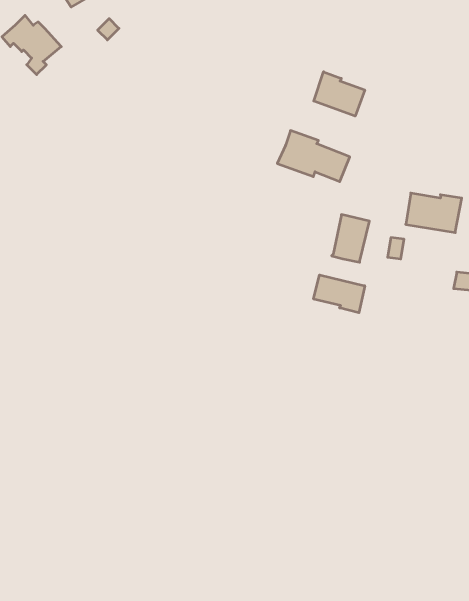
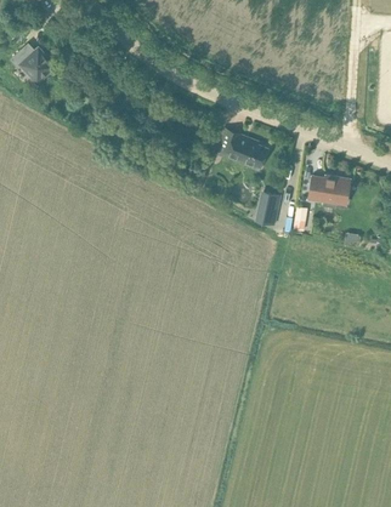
building: [314,72,365,116] -> none
building: [314,275,365,313] -> none

